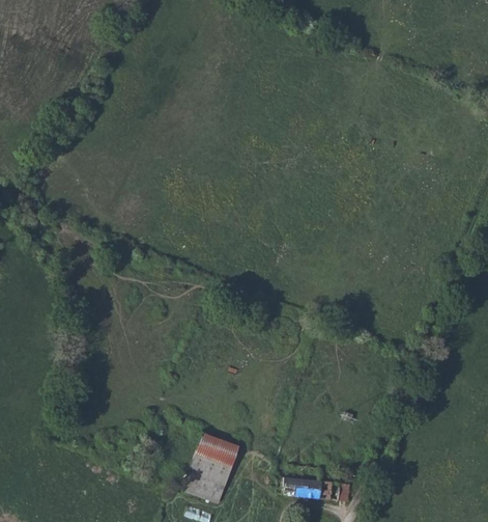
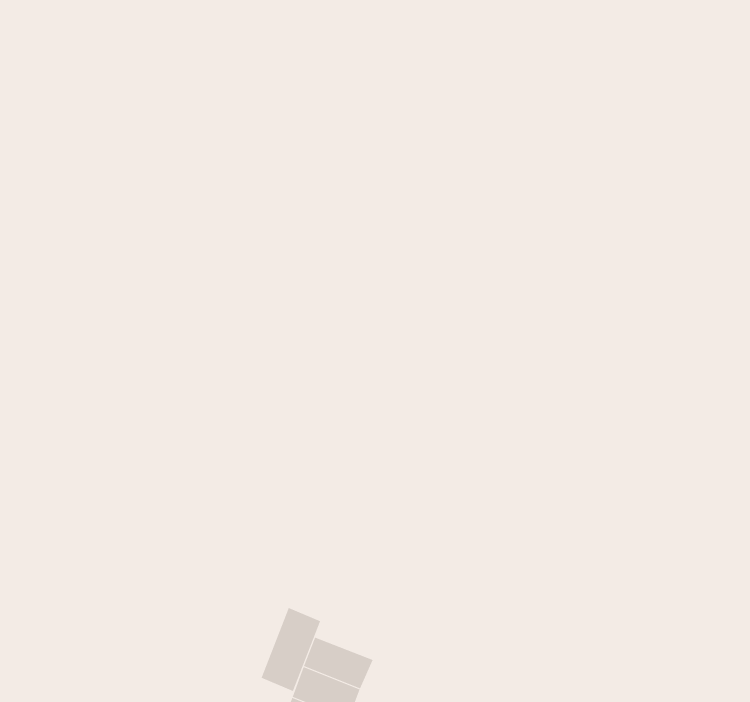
building: none -> [261,607,321,692]

